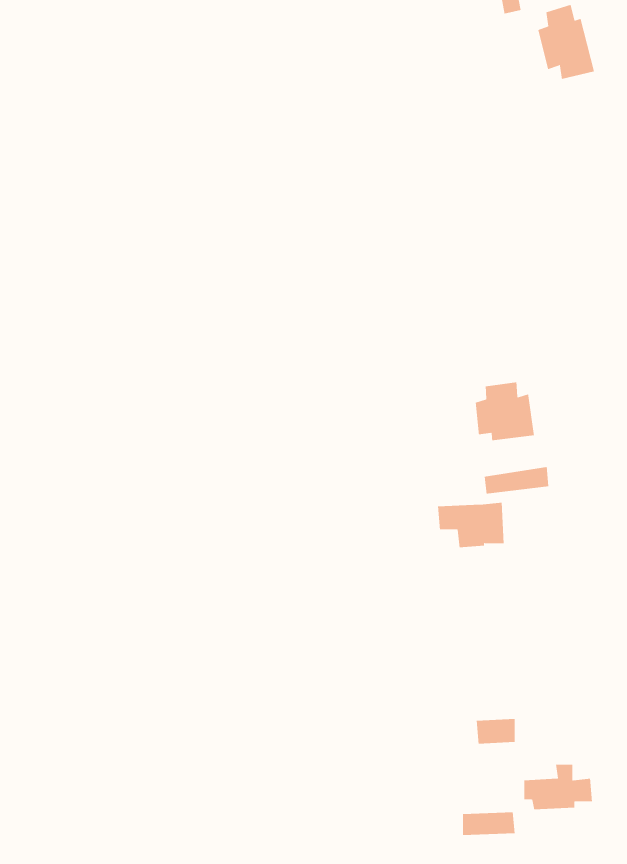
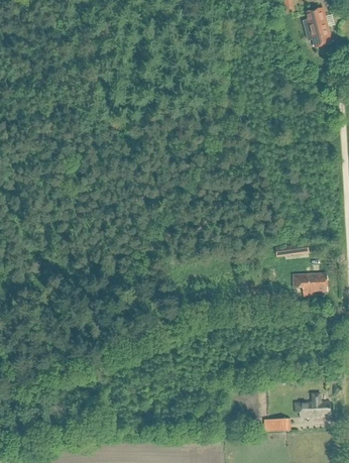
building: [475,381,534,441] -> none
building: [437,502,505,548] -> [293,273,327,297]

